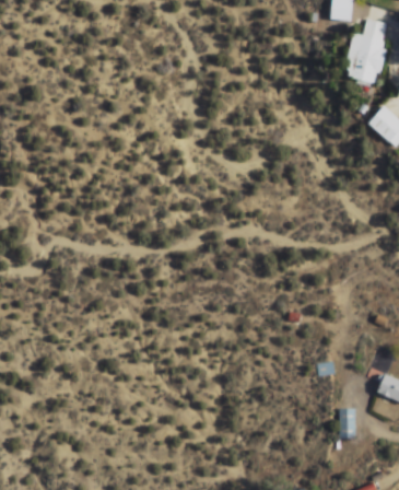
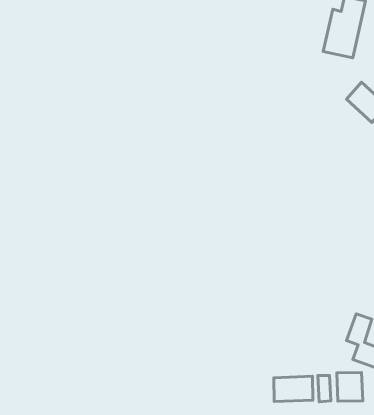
building: none -> [337,372,363,401]
building: none -> [274,376,313,402]

